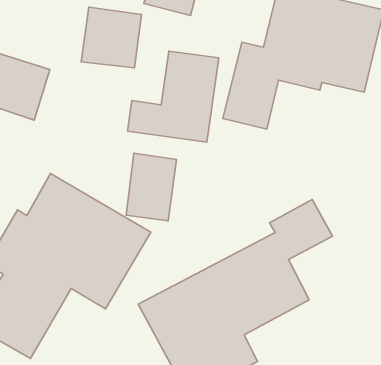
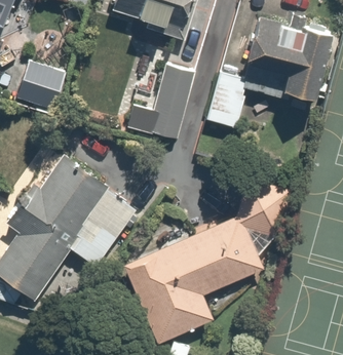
building: [81,7,142,68] -> none
building: [126,153,176,221] -> none

